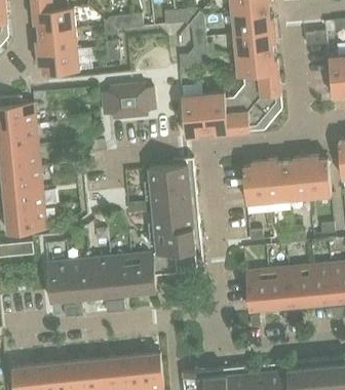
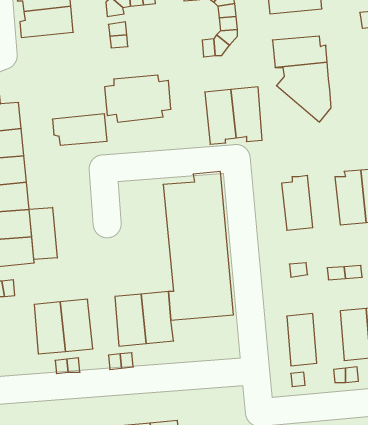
building: [232,31,274,55] -> none
building: [36,49,79,74] -> [52,114,107,145]
building: [223,91,271,134] -> none
building: [262,161,288,203] -> none
building: none -> [29,207,57,260]
building: [88,258,113,299] -> none
building: [266,269,291,310] -> none

